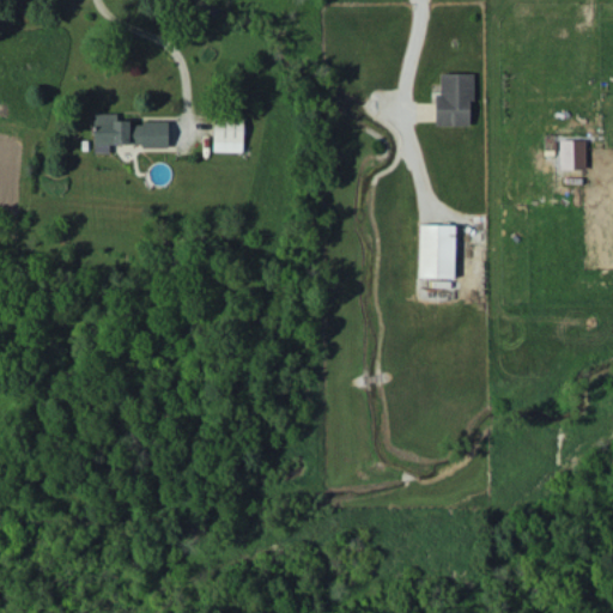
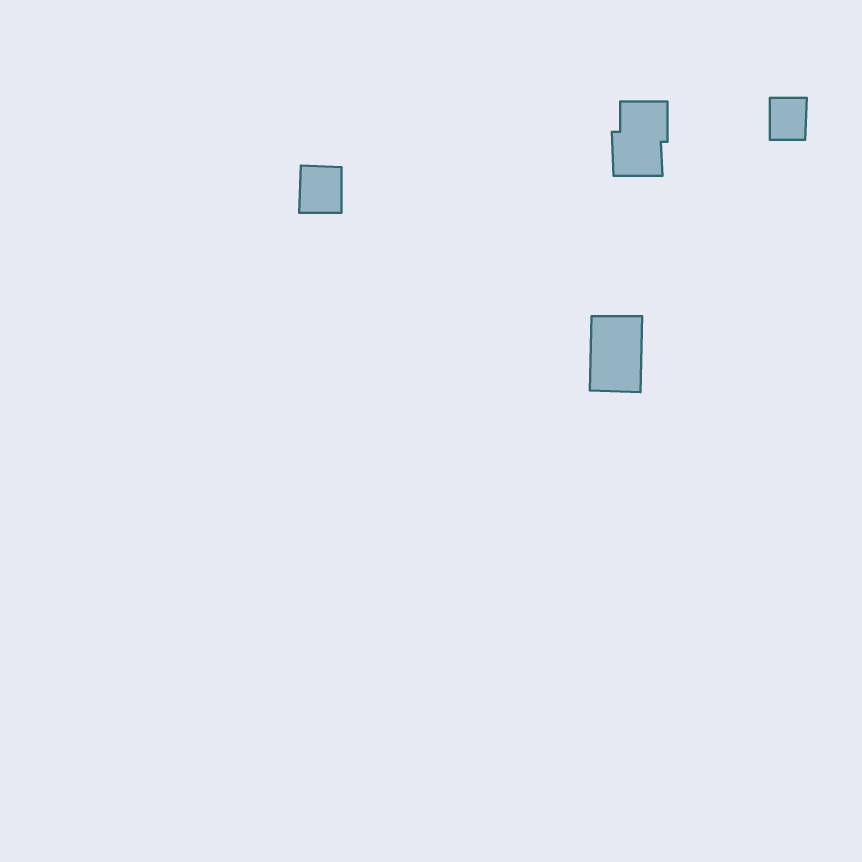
building: [93,114,169,154] -> none
building: [560,140,587,170] -> [770,98,807,140]

